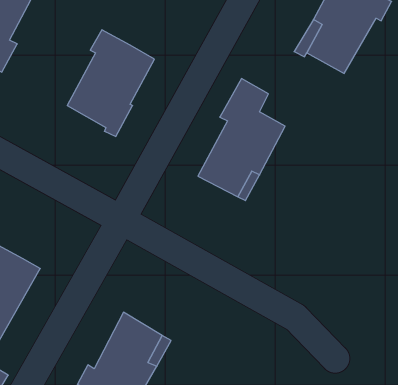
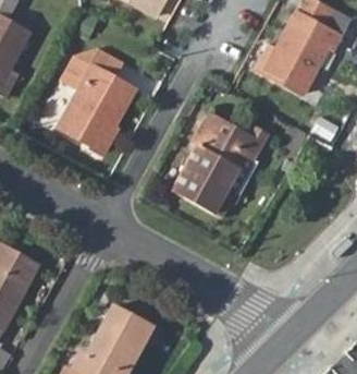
building: none -> [62,52,121,91]

